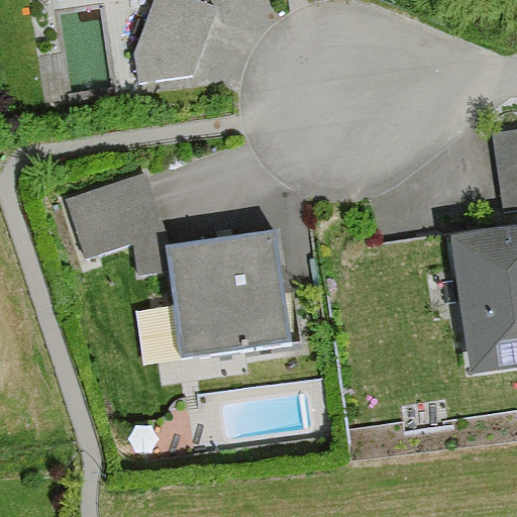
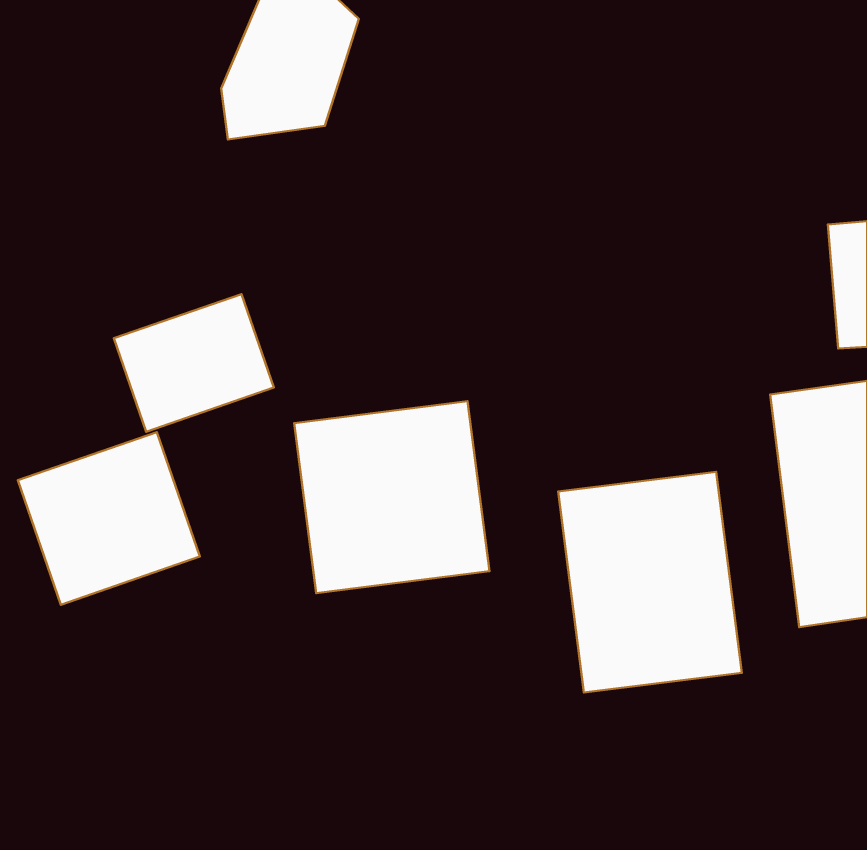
building: none -> [18,432,200,605]
building: none -> [558,472,742,693]

